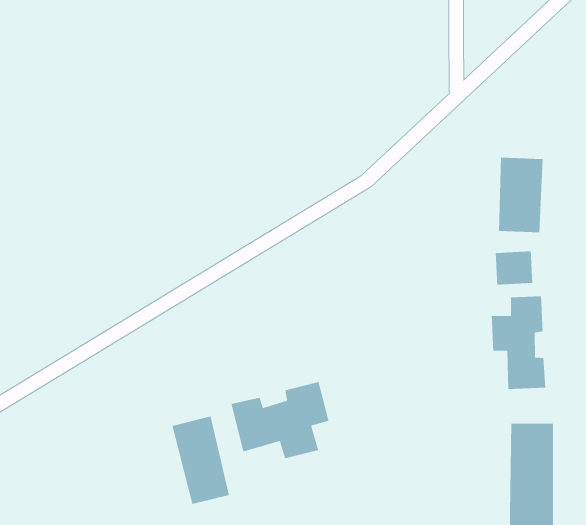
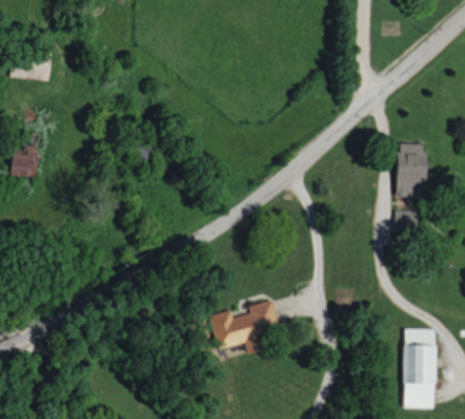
building: [491,296,546,390] -> none
building: [172,416,230,505] -> none

